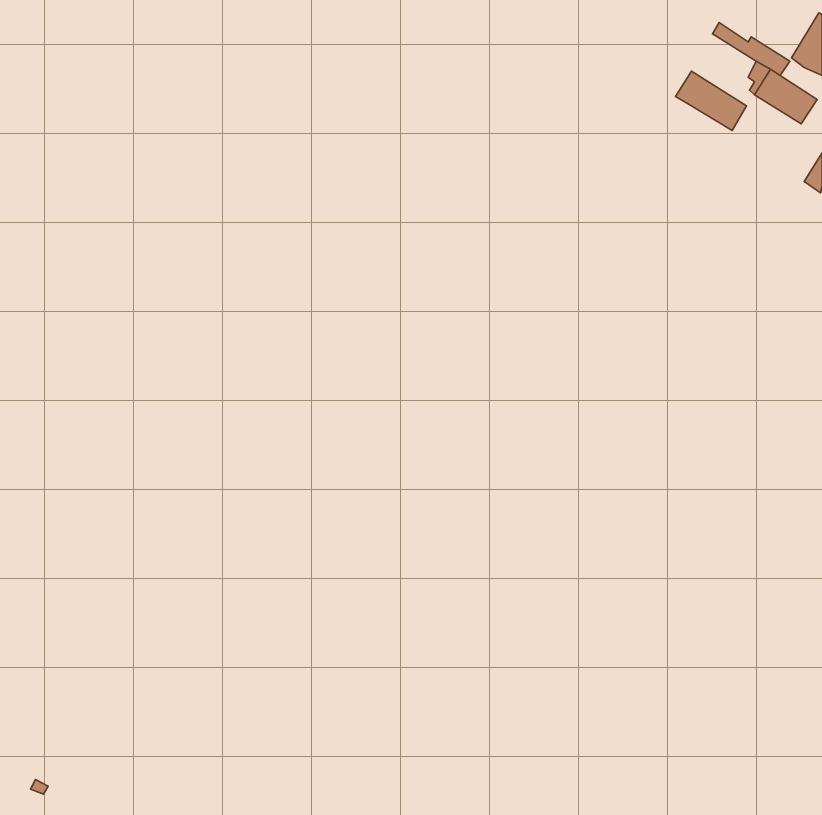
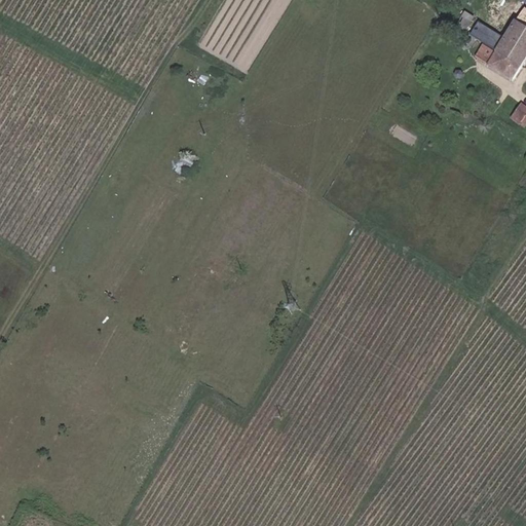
building: [676,71,746,131] -> none

